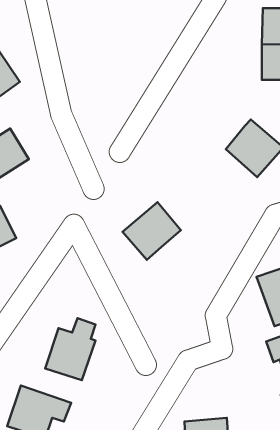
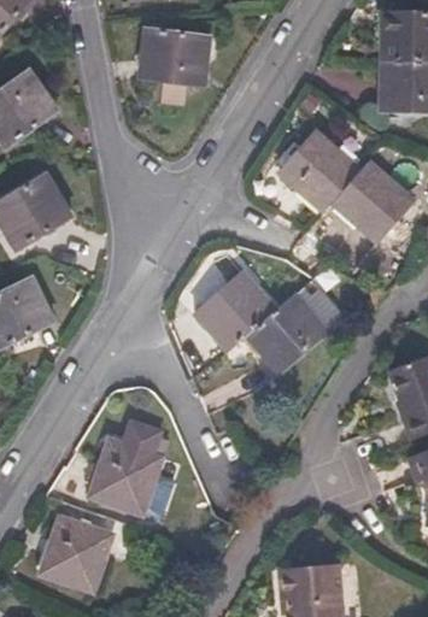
building: none -> [145,27,211,84]
building: none -> [283,133,360,211]
building: none -> [248,292,328,371]

